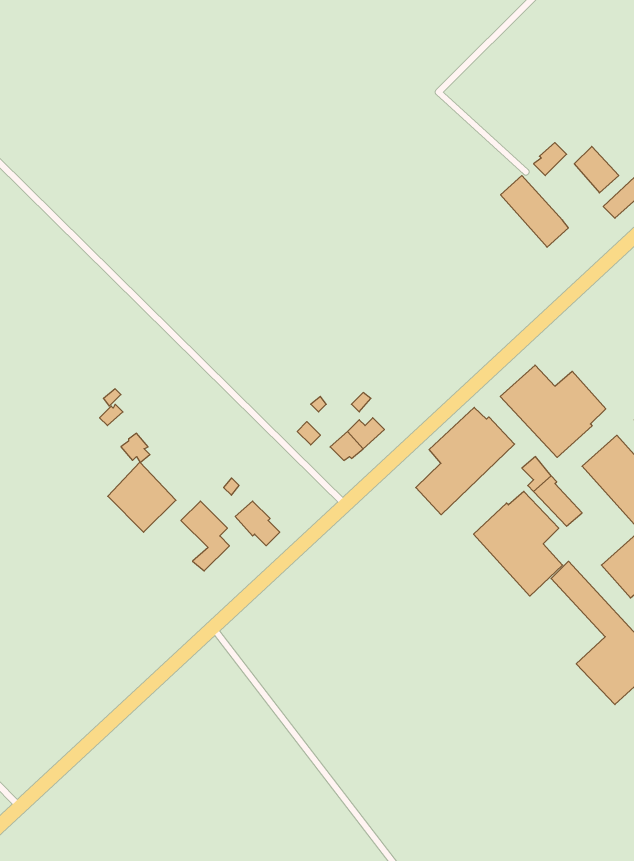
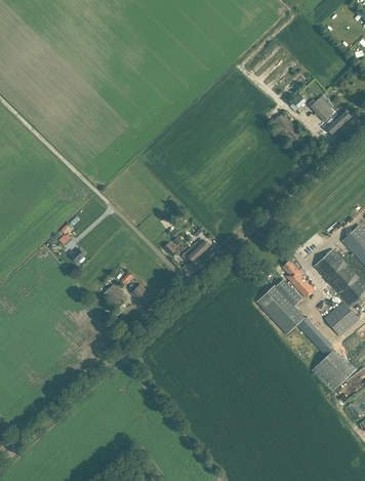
building: [500,365,606,457] -> none
building: [416,407,515,515] -> none
building: [108,462,176,532] -> none

